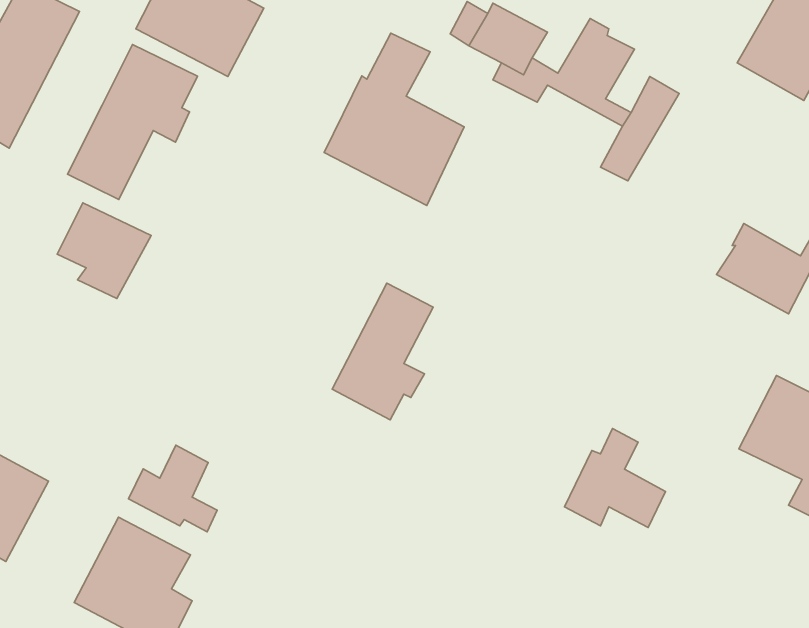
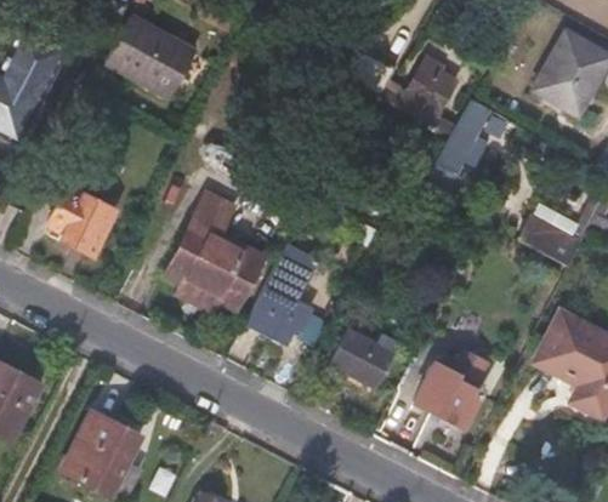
building: [324,33,464,205] -> [163,190,262,313]
building: [68,45,197,199] -> none
building: none -> [330,330,399,387]
building: [129,445,217,532] -> none

